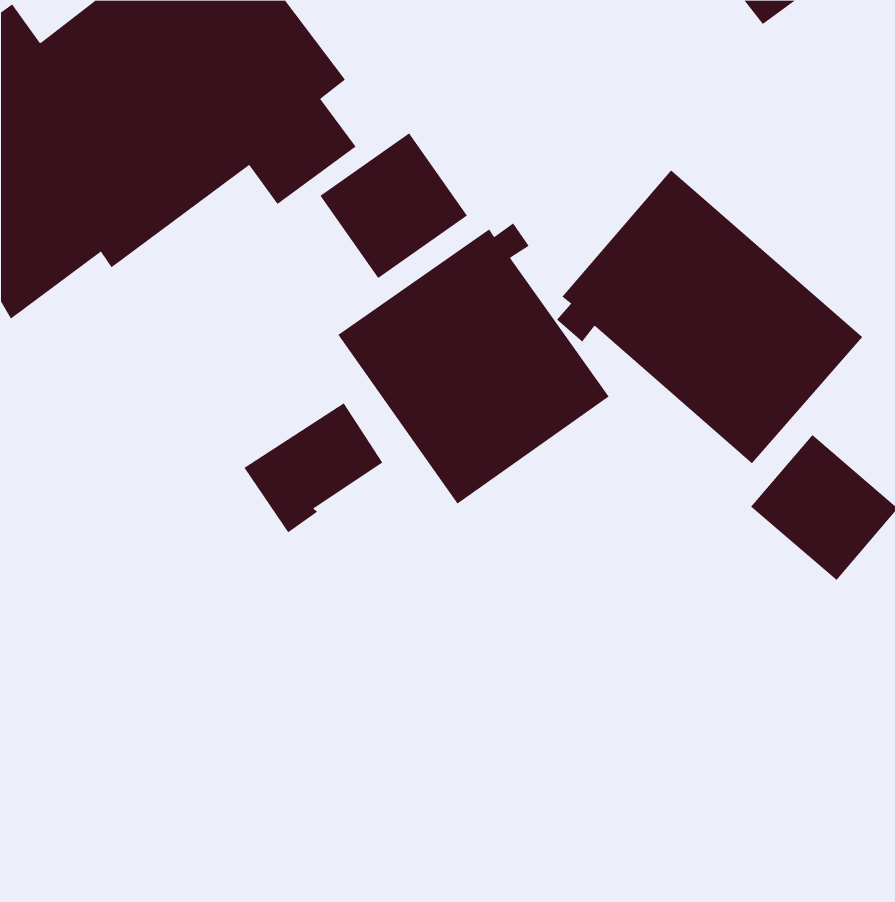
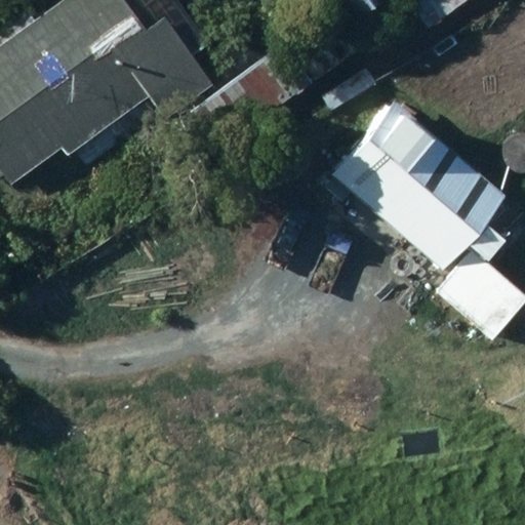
building: [338,223,610,504] -> none

